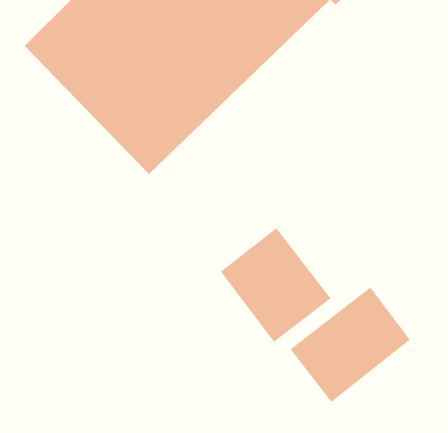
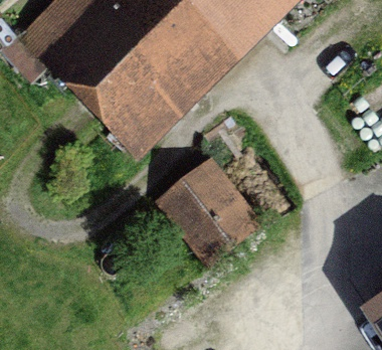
building: [289,286,411,403] -> none

